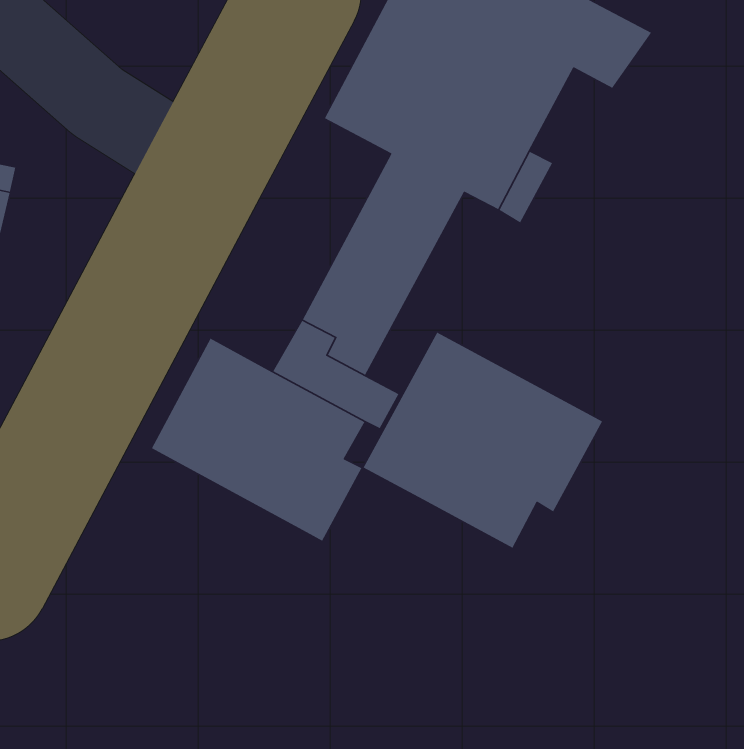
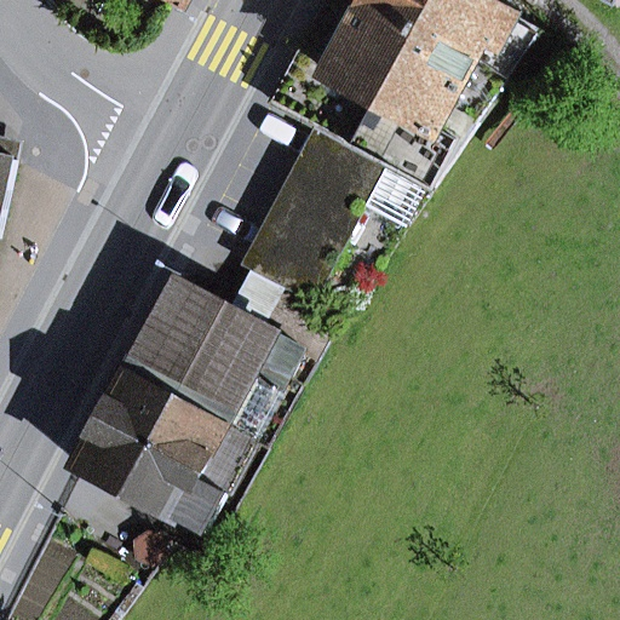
building: [362,331,603,549] -> none
building: none -> [71,367,251,529]

